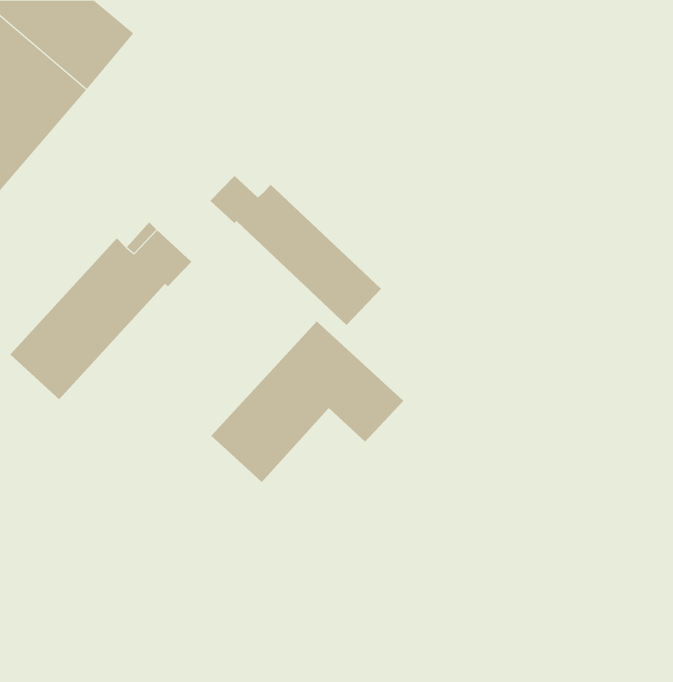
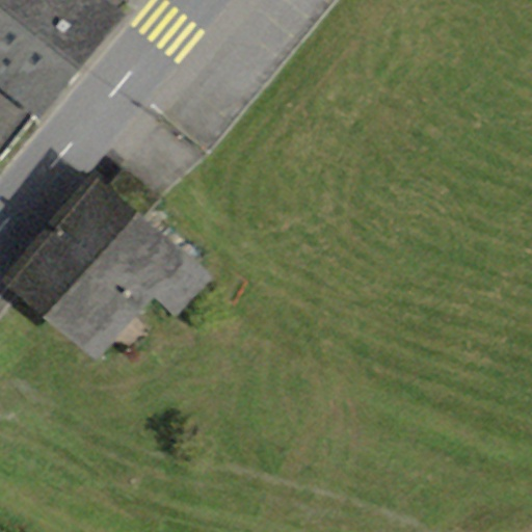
building: [210,175,382,326] -> none
building: [211,320,404,483] -> [46,223,195,349]

